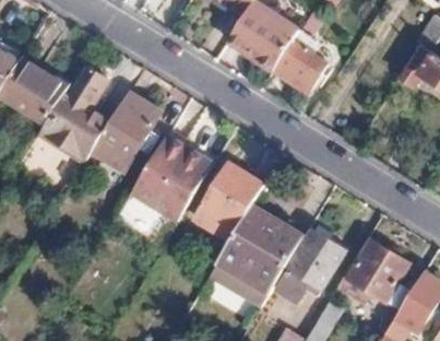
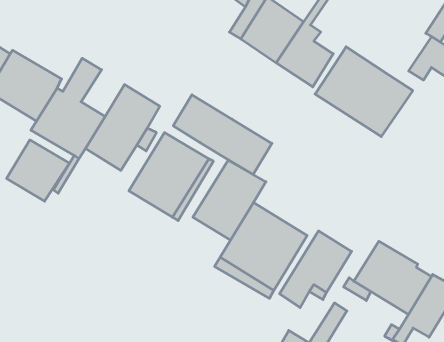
building: none -> [315,47,413,137]
building: none -> [173,95,272,174]
building: none -> [7,140,70,201]

